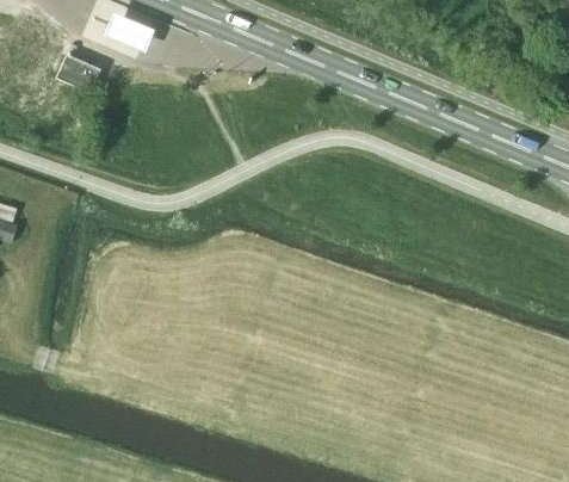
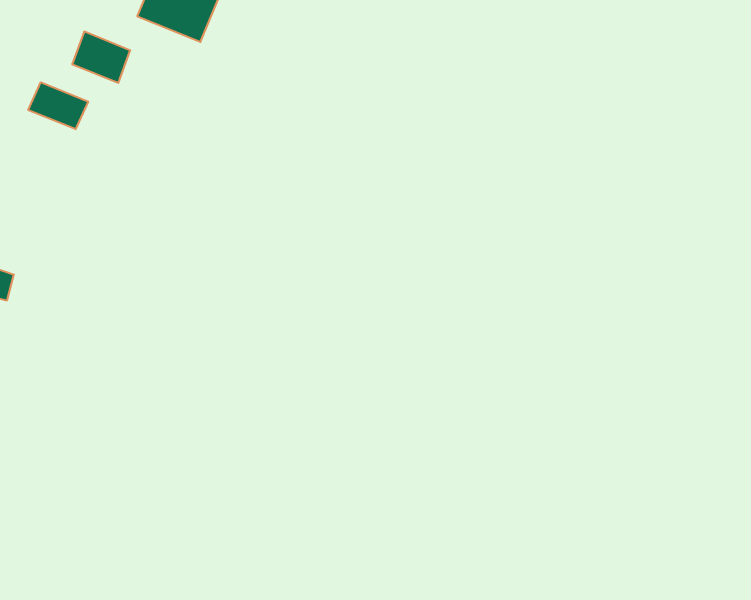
building: none -> [28,82,88,129]

